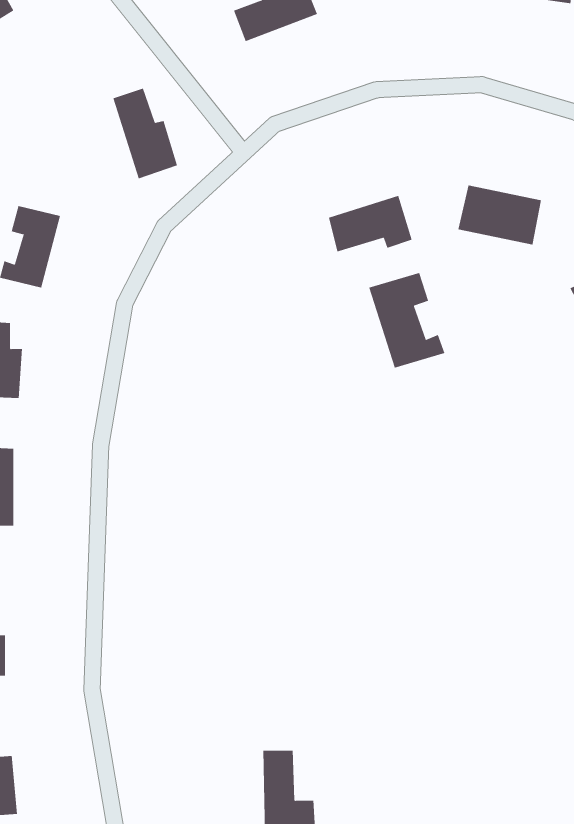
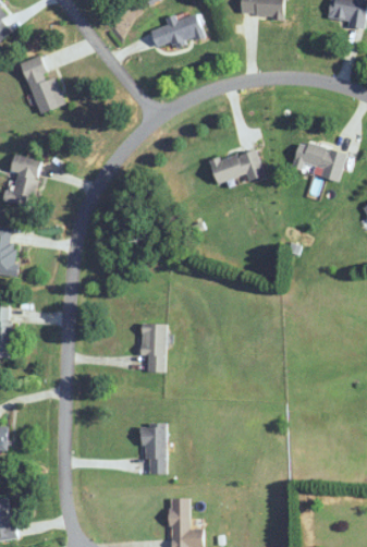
building: [112,88,178,179] -> [22,56,63,113]
building: [369,272,445,369] -> none
building: none -> [140,324,164,372]
building: none -> [144,423,164,474]

